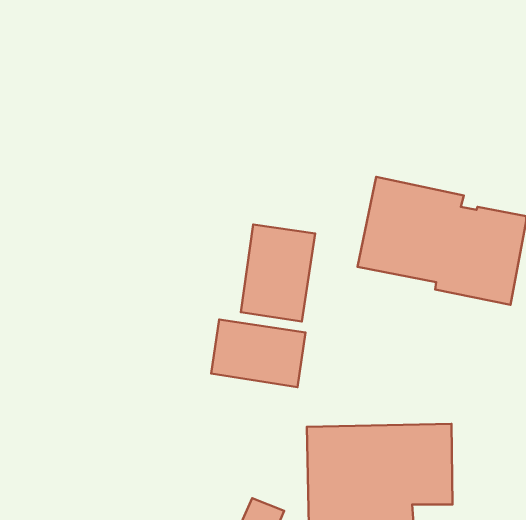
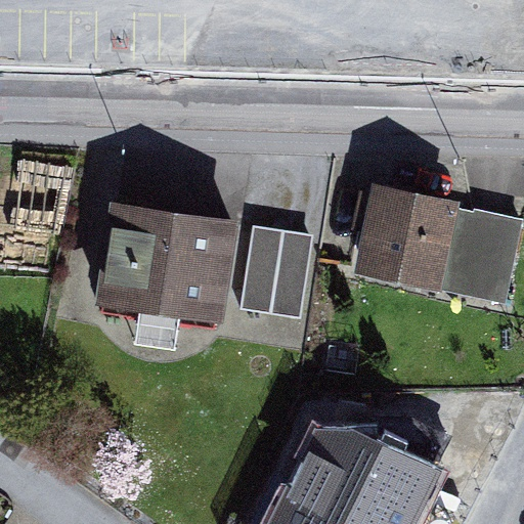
building: none -> [92,202,237,322]
building: [211,320,306,387] -> none

